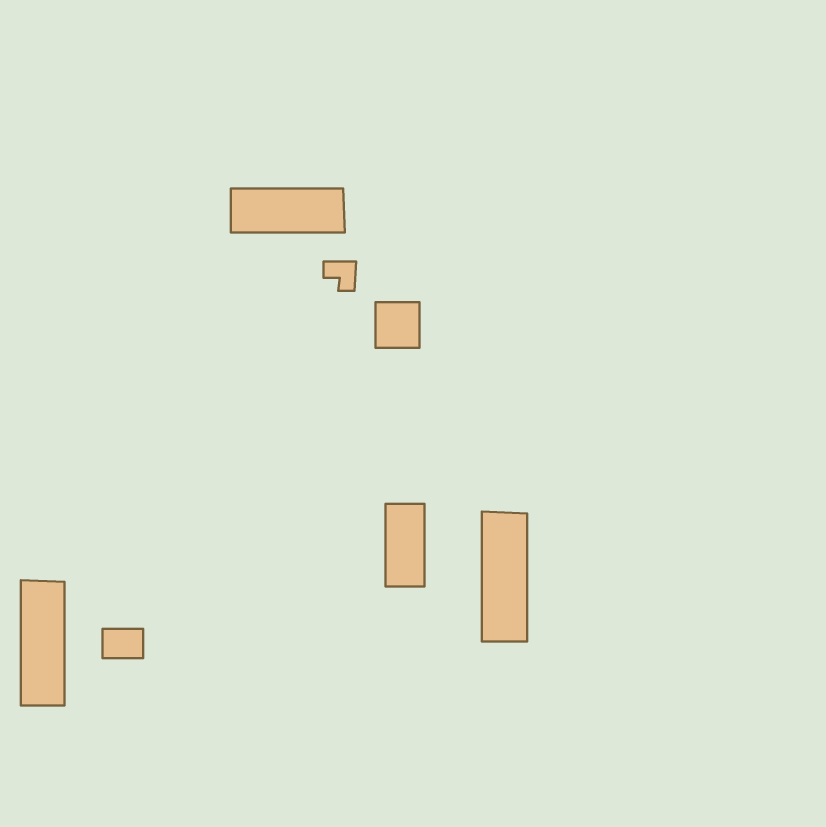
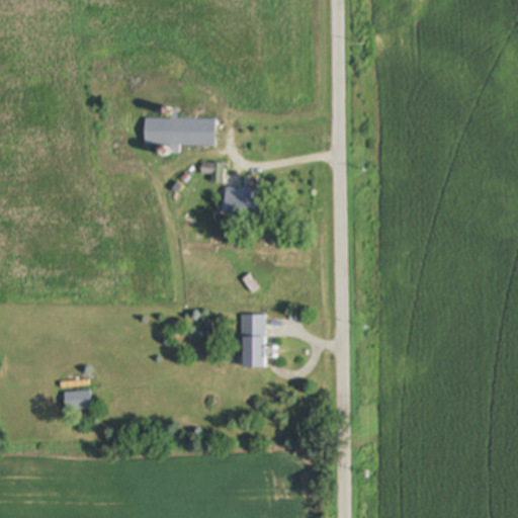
building: [482,512,527,642] -> none
building: [21,580,65,706] -> none

